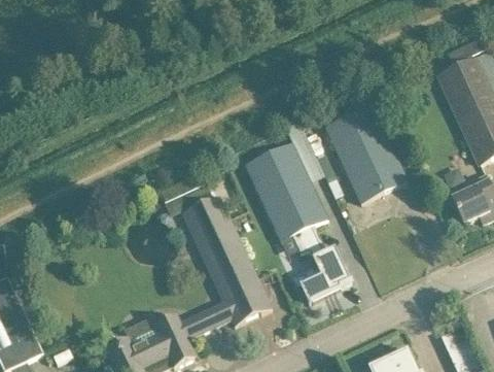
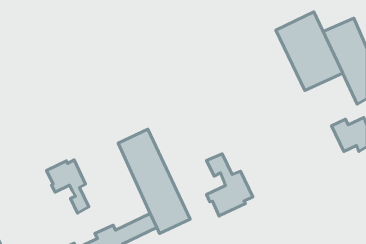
building: [324,104,408,202] -> [276,12,343,91]
building: [246,142,327,239] -> none
building: none -> [46,160,89,213]

